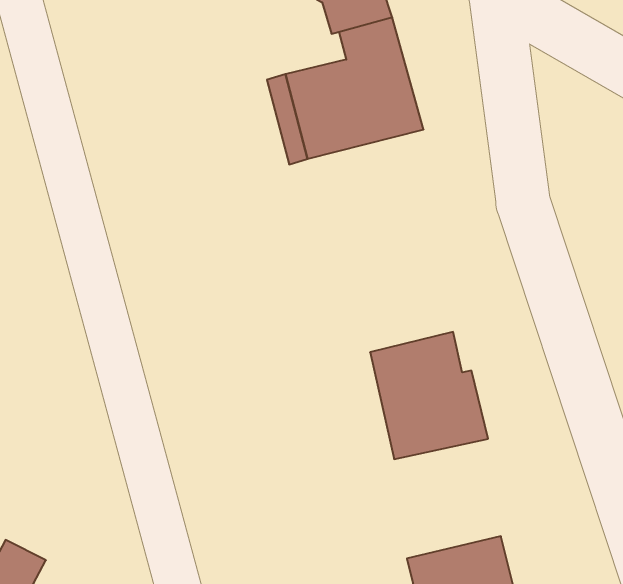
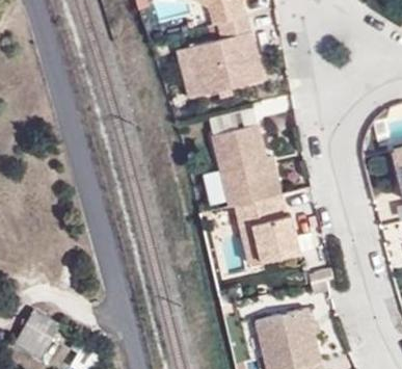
building: none -> [212,126,282,207]

